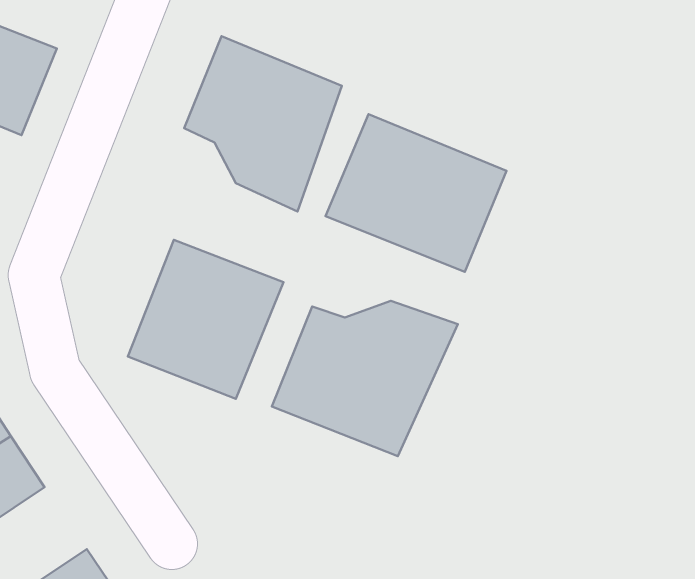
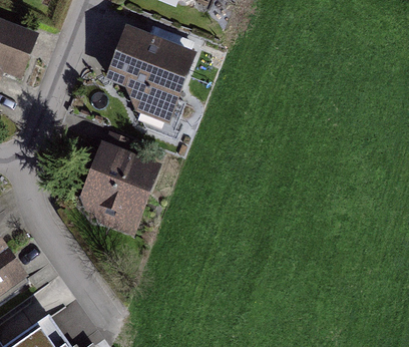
building: [326,114,506,272] -> none
building: [272,301,458,456] -> none

